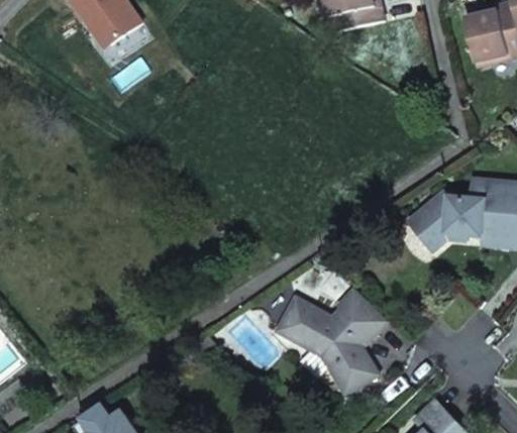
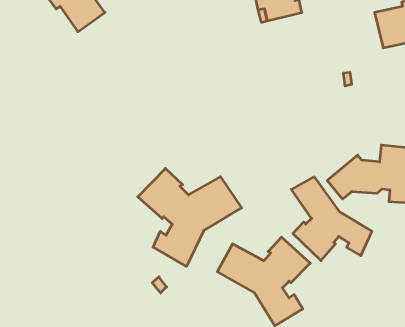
building: none -> [138,168,242,266]
building: none -> [291,177,372,261]

